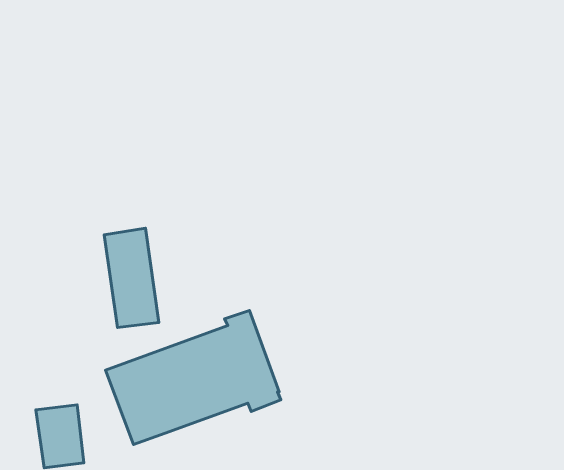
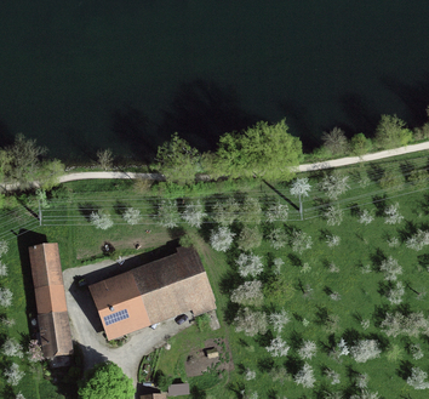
building: [104,228,159,328] -> [27,241,67,314]

